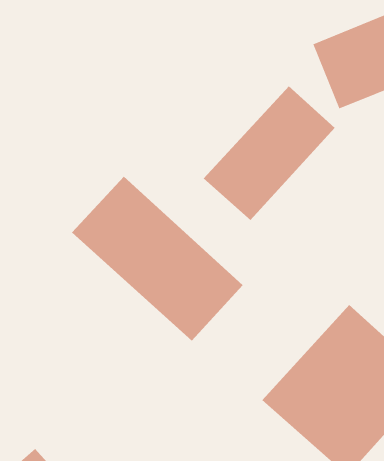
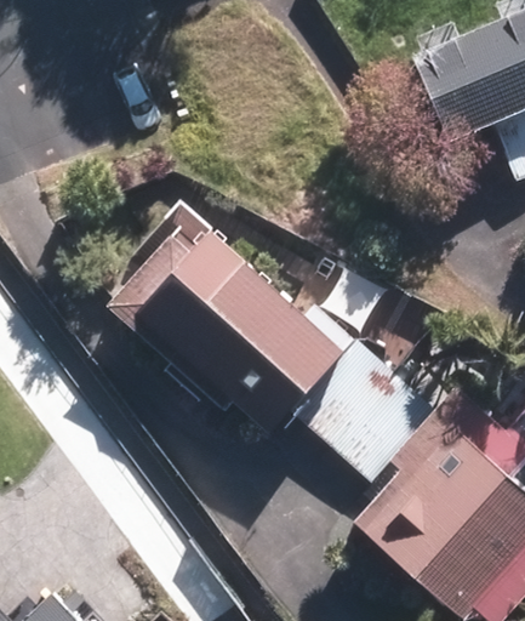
building: [203,85,336,221] -> none

